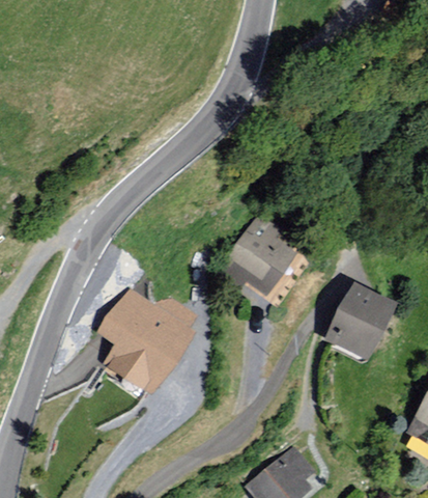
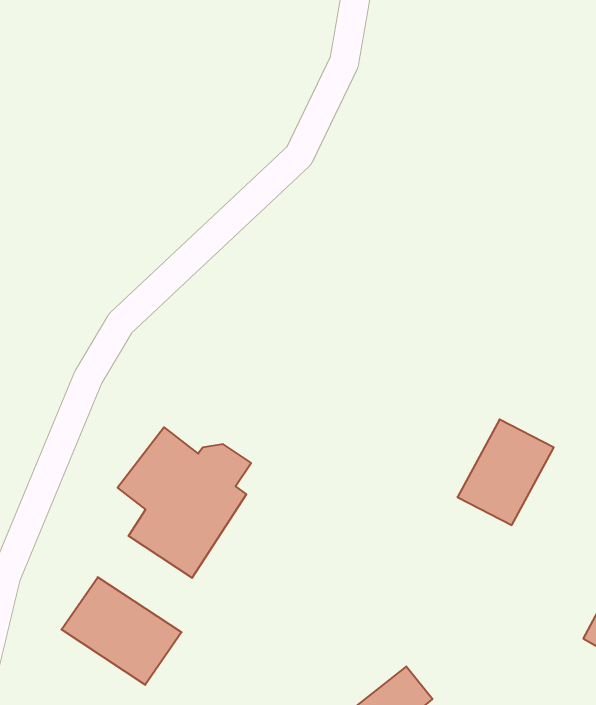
building: [224,216,292,291] -> none
building: none -> [61,577,182,685]

